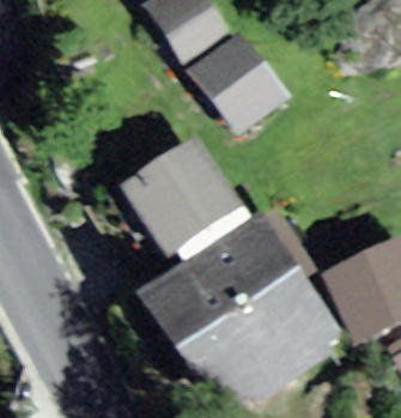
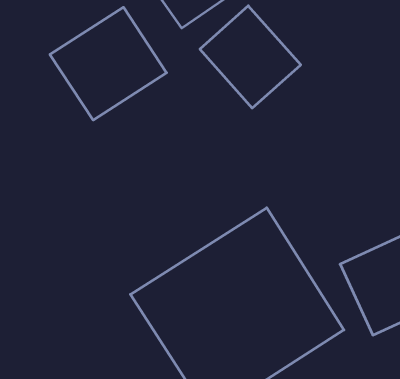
building: [128,153,235,256] -> [50,7,167,120]

